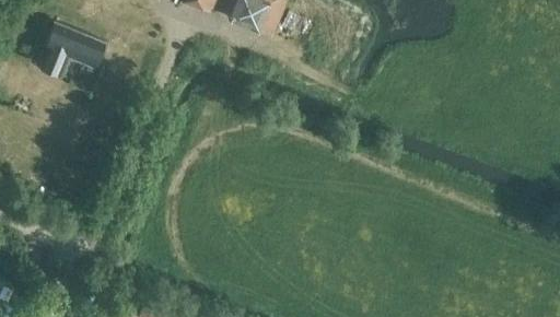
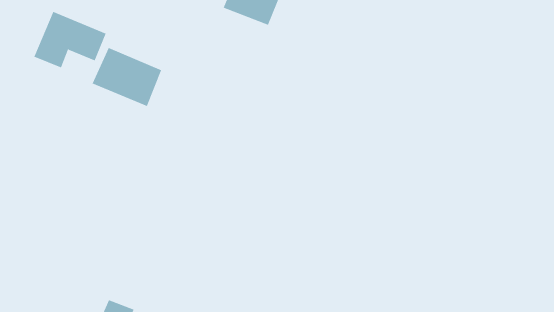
building: none -> [92,47,162,107]

